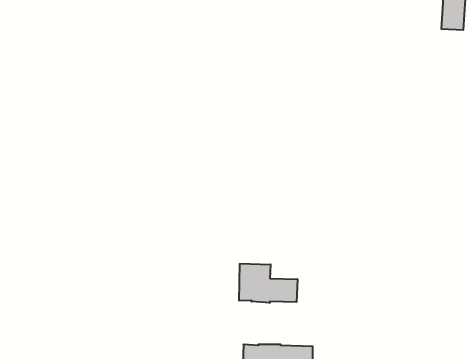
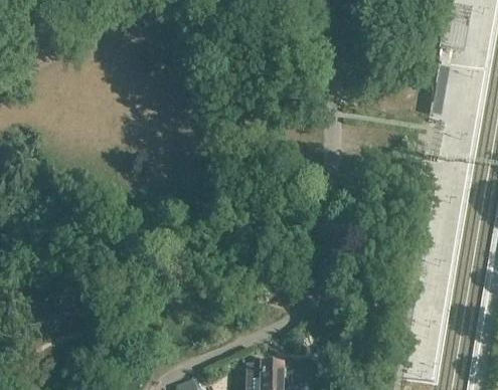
building: [239,264,297,303] -> none

